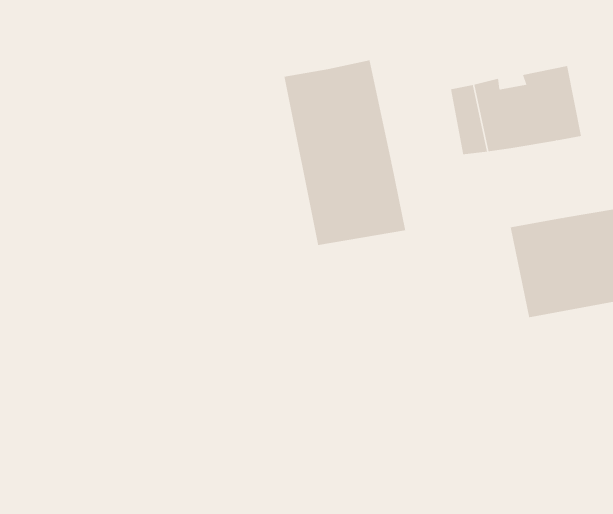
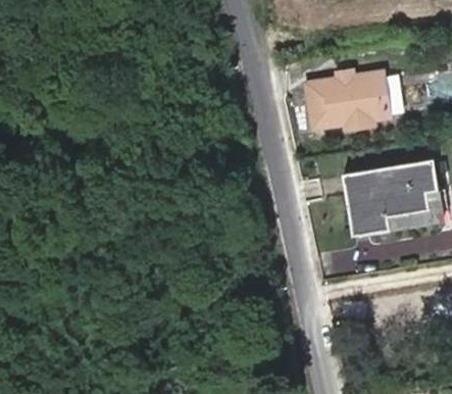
building: [284,60,406,246] -> none

